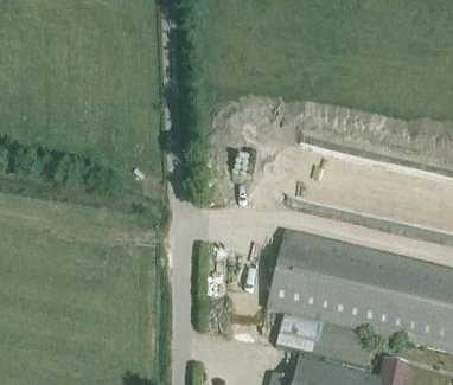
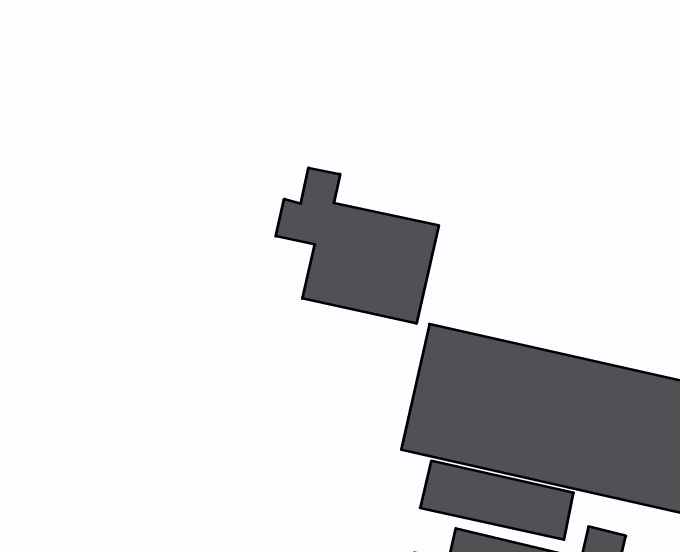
building: none -> [276,168,439,324]

